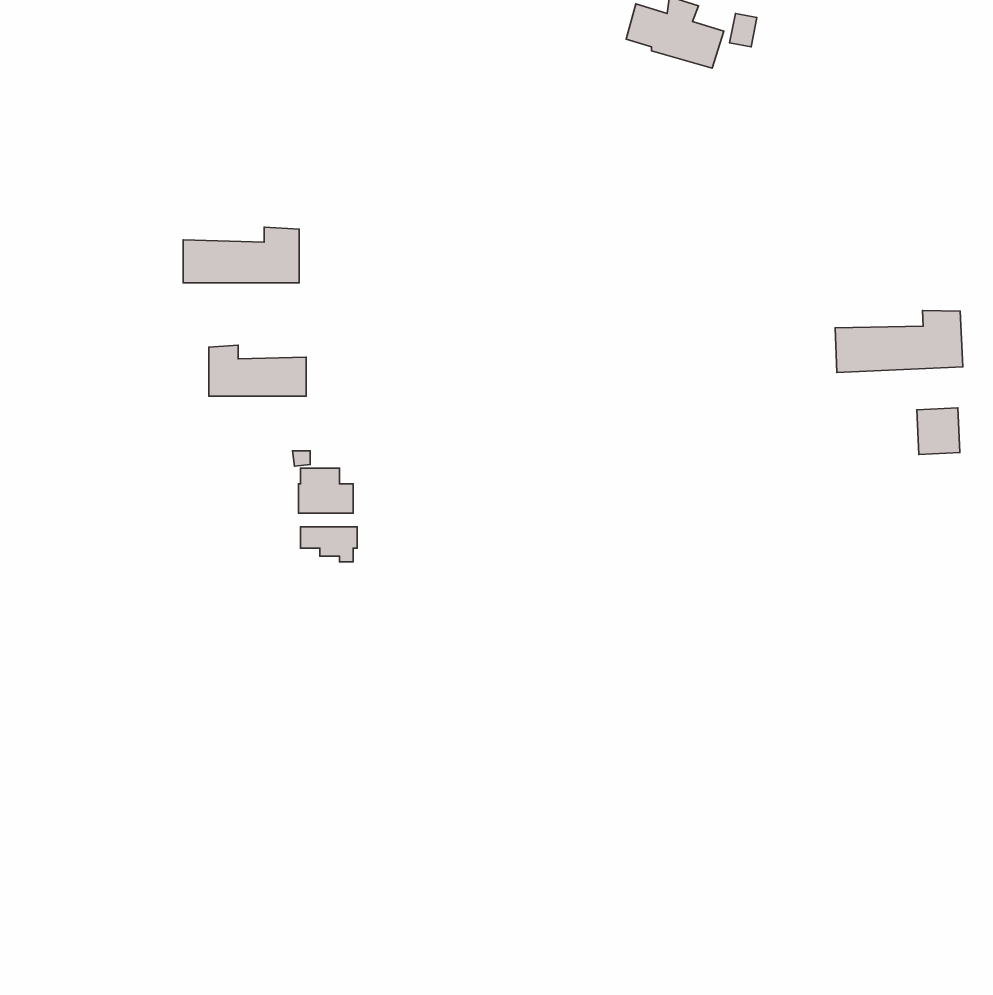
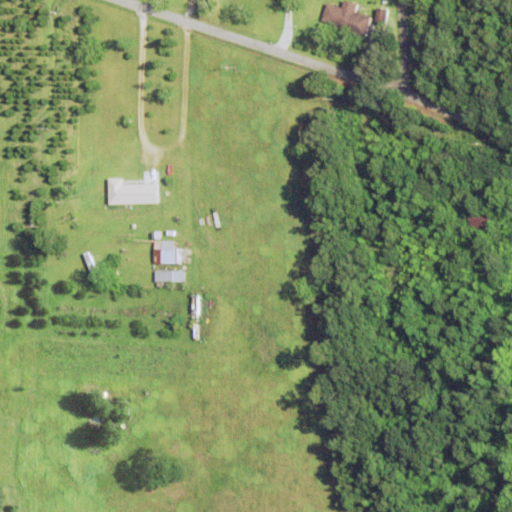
building: [183,227,299,283] -> none
building: [835,311,963,372] -> none

